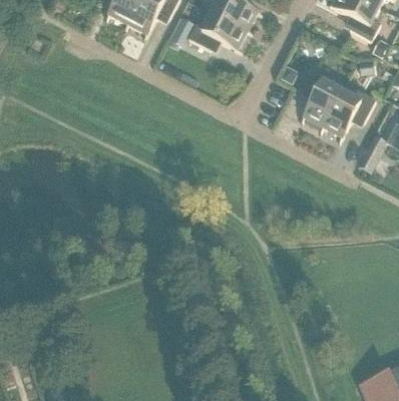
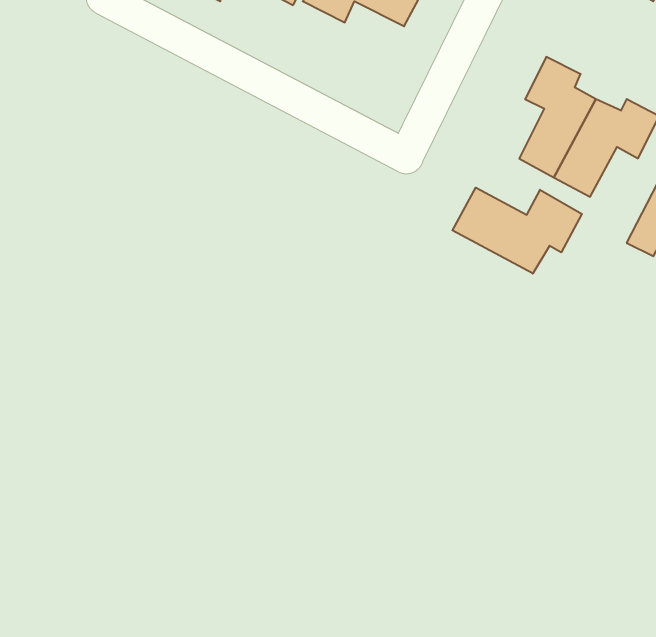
building: none -> [452,188,582,274]

